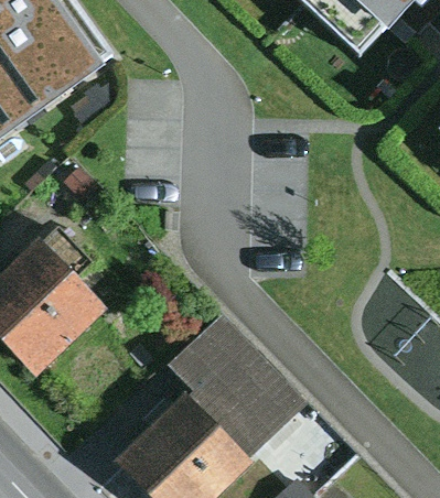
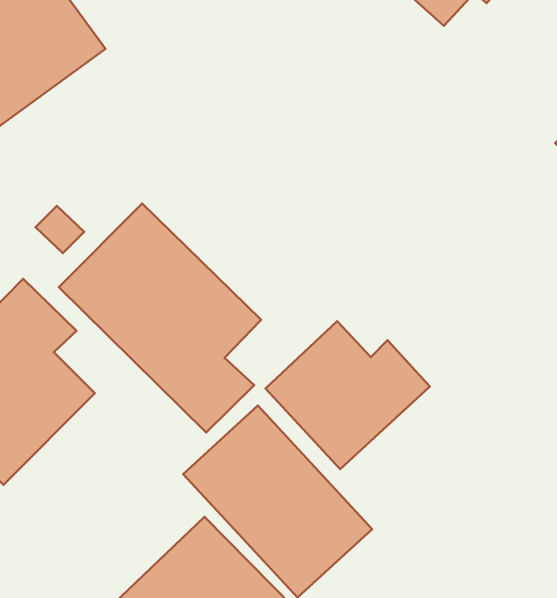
building: none -> [59,203,261,433]
building: none -> [266,321,430,469]

